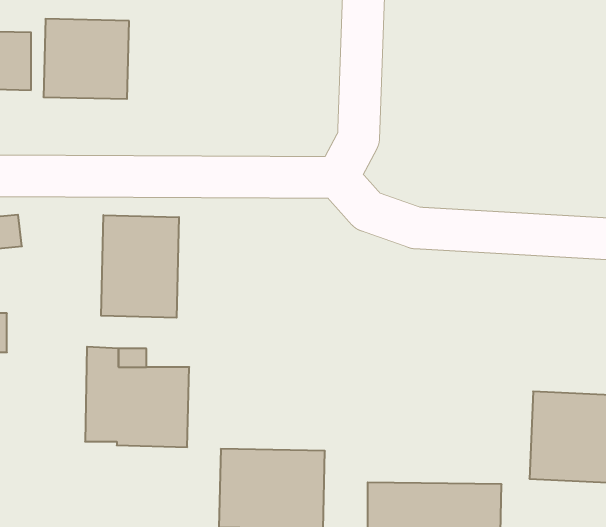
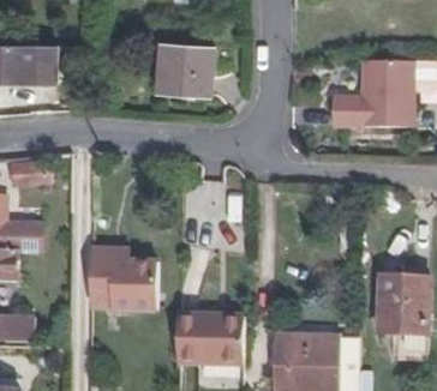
building: [43,19,129,99] -> [158,44,214,96]
building: none -> [331,60,412,126]
building: [101,215,179,318] -> none

